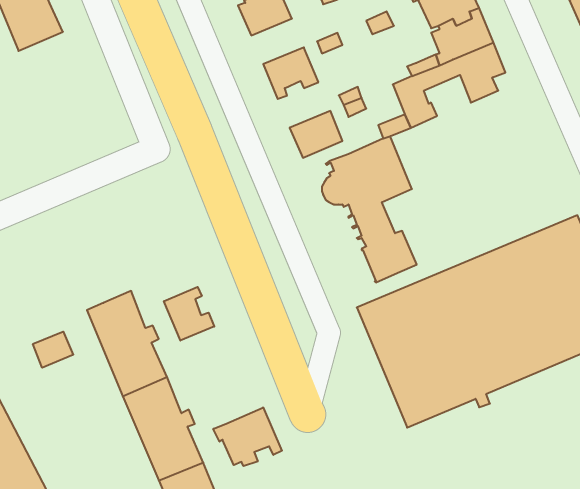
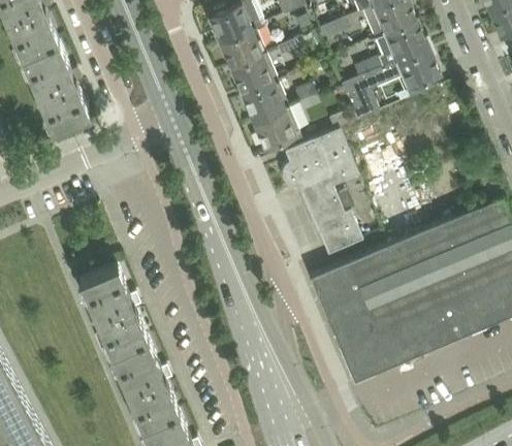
building: none -> [219,29,264,68]
building: none -> [19,40,88,130]
building: none -> [242,83,287,123]
building: [164,287,214,341] -> none
building: [33,332,73,368] -> none
building: [213,407,282,466] -> none

